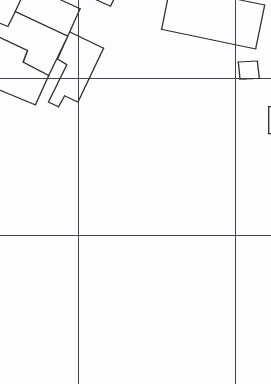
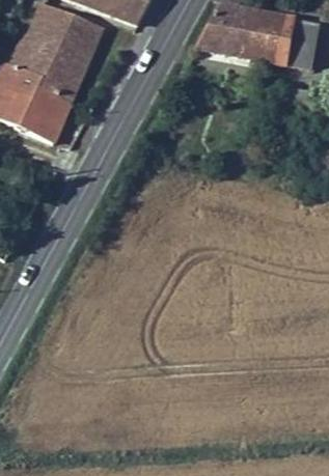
building: [48,32,104,107] -> none

